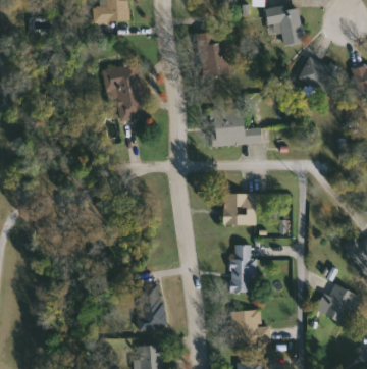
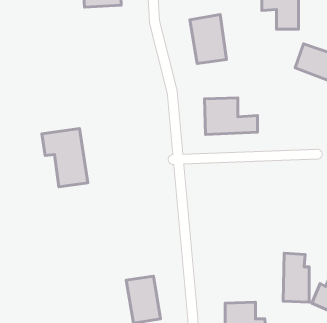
building: [102,64,147,121] -> [42,129,88,187]
building: [222,195,254,226] -> none
building: [229,245,255,293] -> [283,253,309,302]

